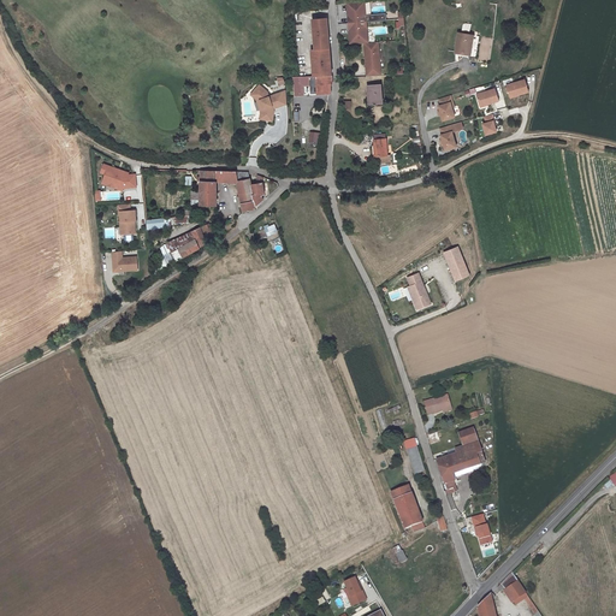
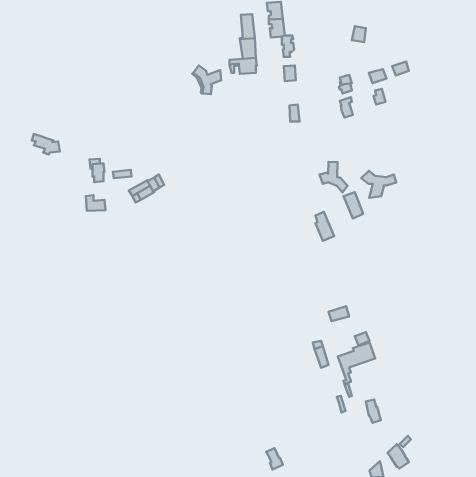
building: [100,164,136,190] -> [32,134,60,154]
building: [197,171,263,212] -> none
building: none -> [320,162,347,193]
building: none -> [361,171,396,198]
building: [390,485,424,532] -> none

